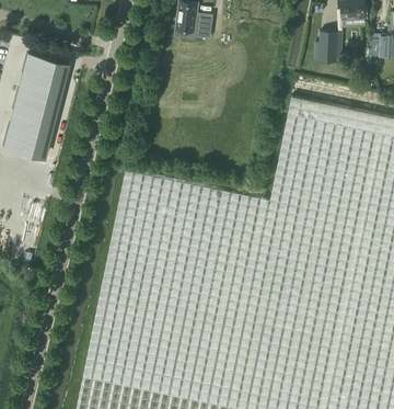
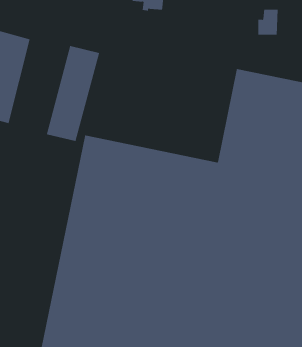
building: none -> [46,45,100,142]

